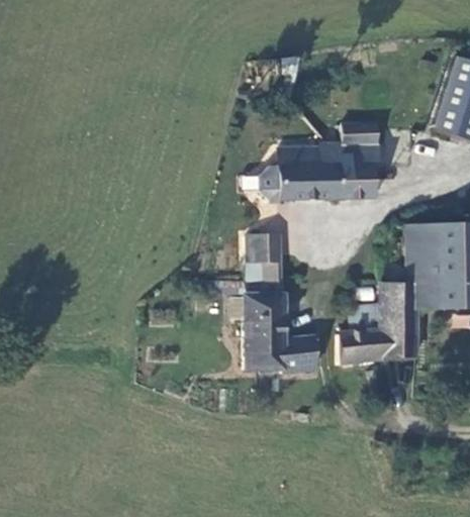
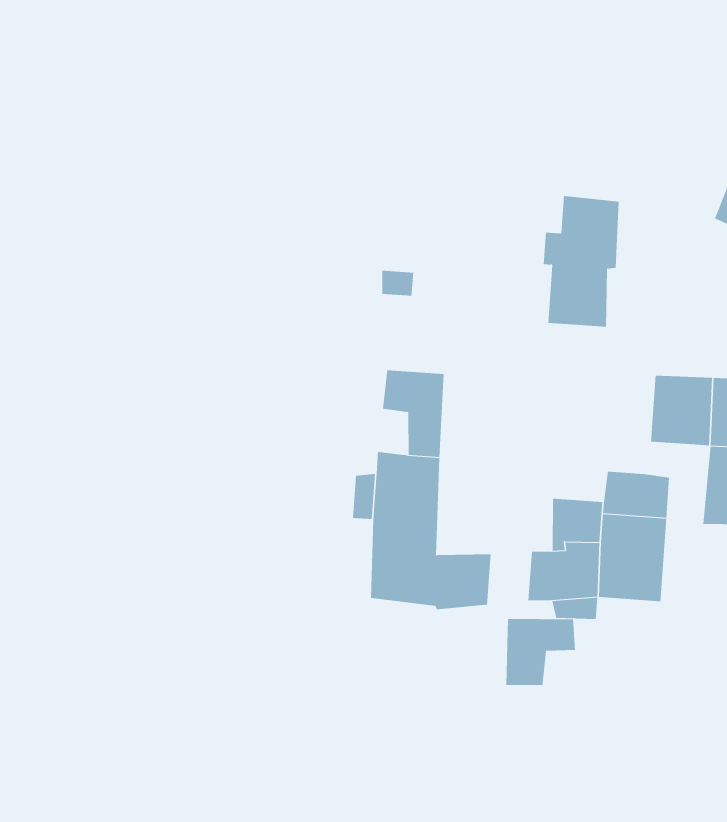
building: [261,144,340,198] -> none
building: [403,264,441,310] -> none
building: none -> [506,618,576,686]

